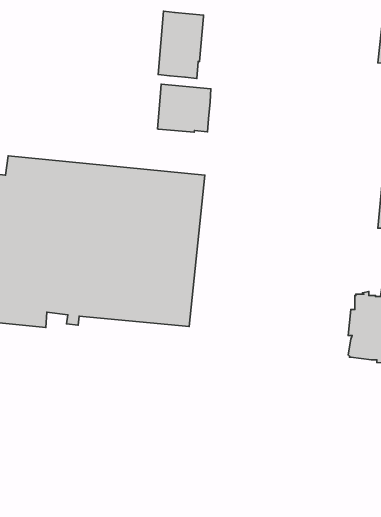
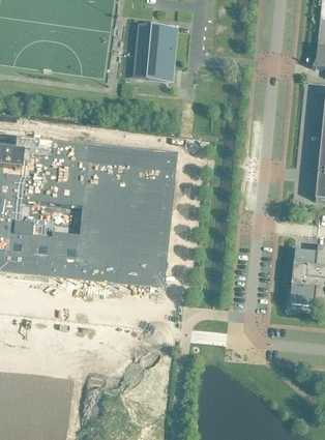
building: [158,84,211,132] -> none

